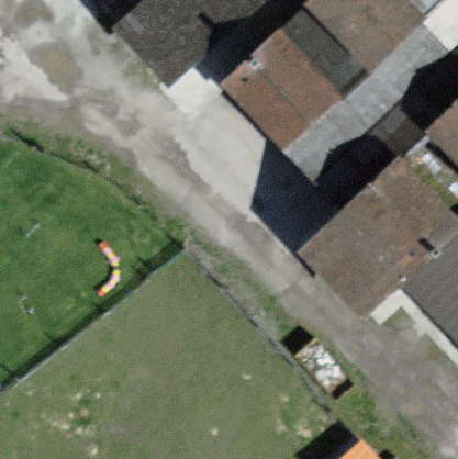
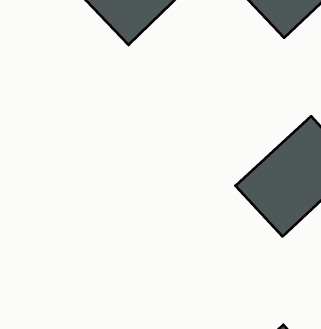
building: [227,42,336,152] -> none

